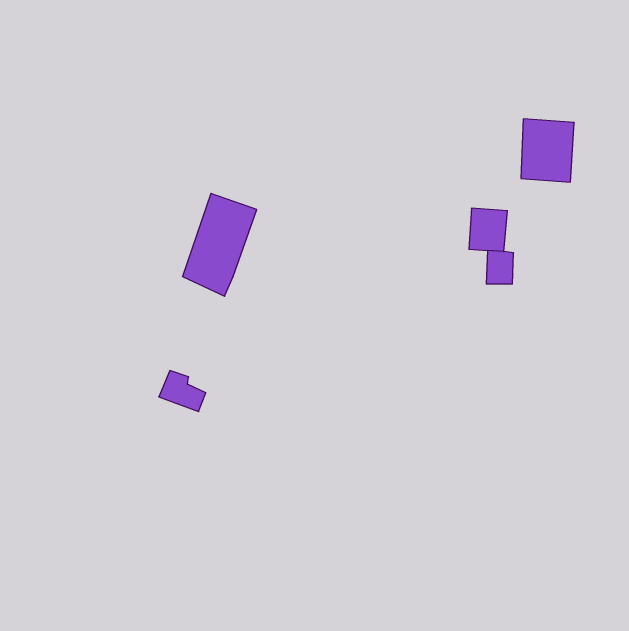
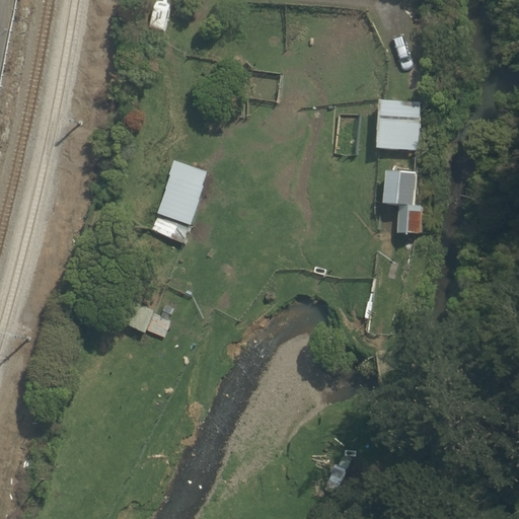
building: [521,119,574,182] -> [376,98,420,150]

